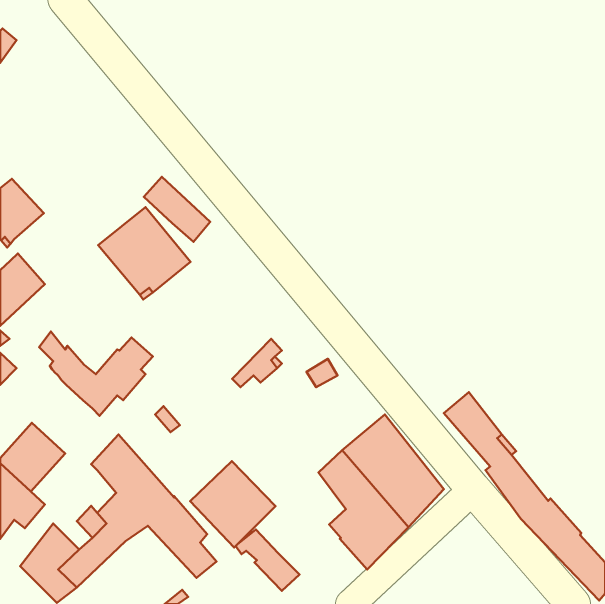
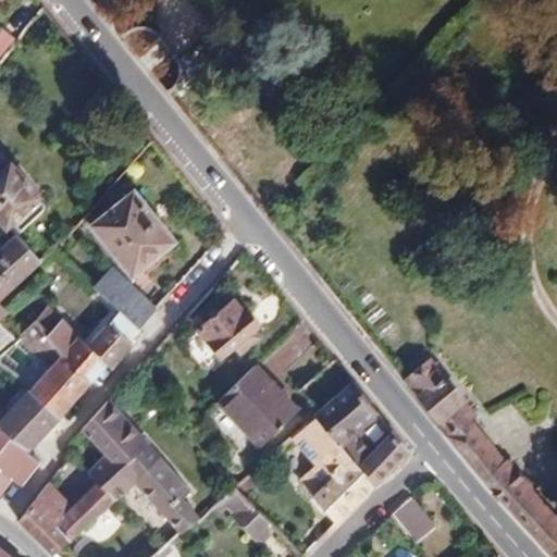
building: [144,177,210,242] -> [95,268,156,327]
building: none -> [197,297,249,348]
building: none -> [15,319,91,417]
building: [190,461,276,547] -> [219,366,297,445]
building: none -> [392,496,435,544]

